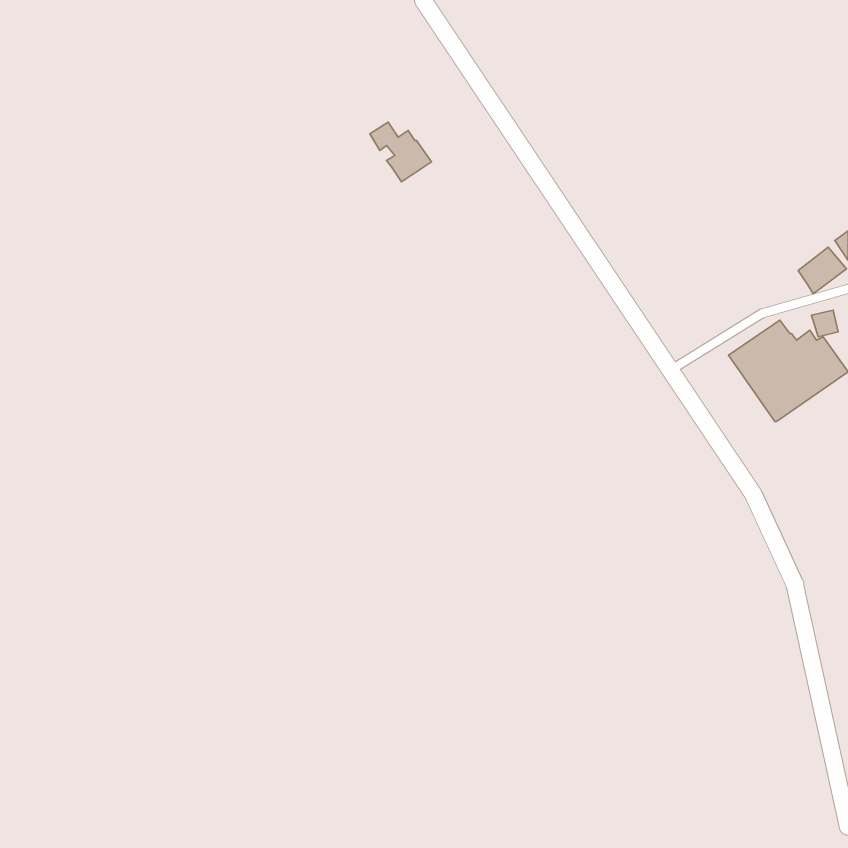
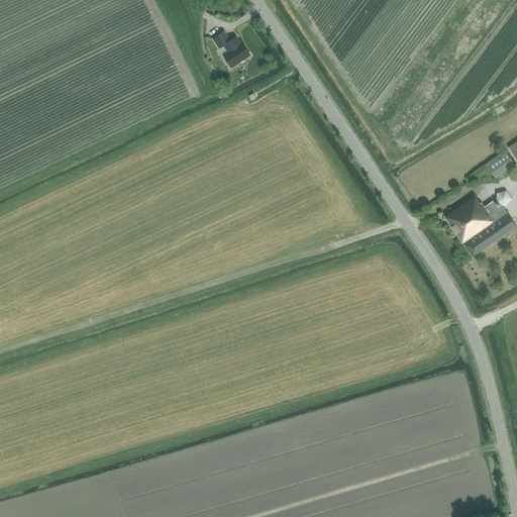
building: [370,122,431,182] -> [213,31,250,68]

